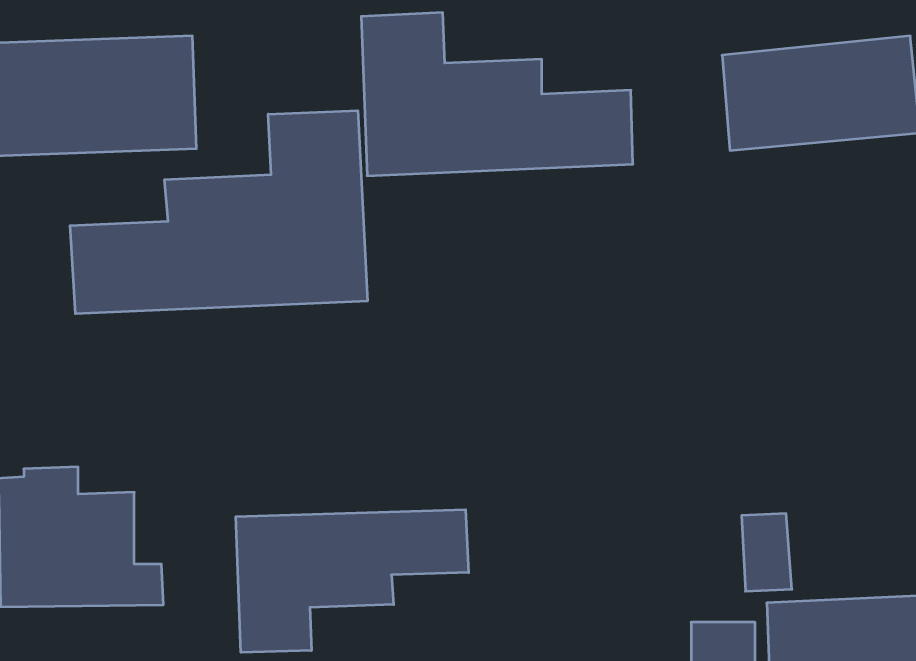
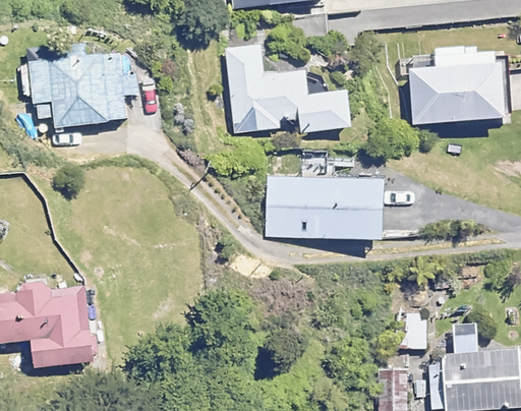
building: [70,111,367,314] -> none
building: none -> [269,179,412,235]
building: [236,510,469,652] -> none

